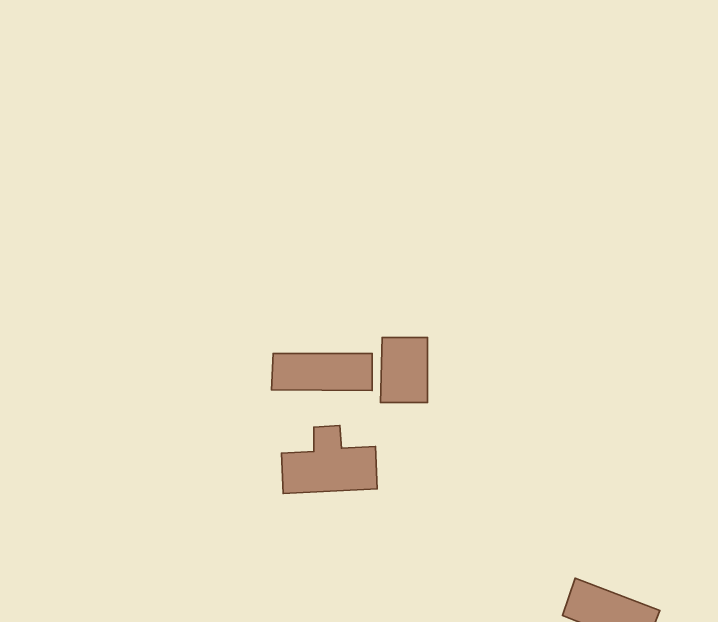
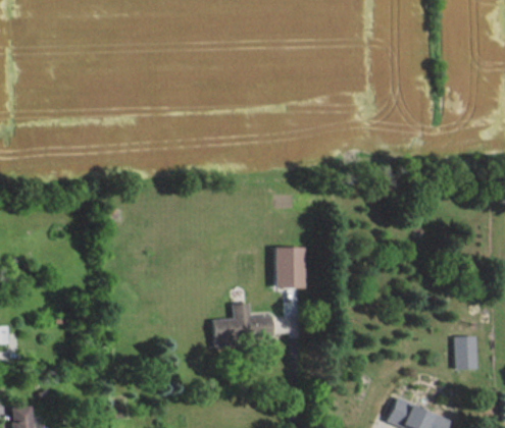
building: [272,353,372,390] -> none
building: none -> [455,335,477,369]

